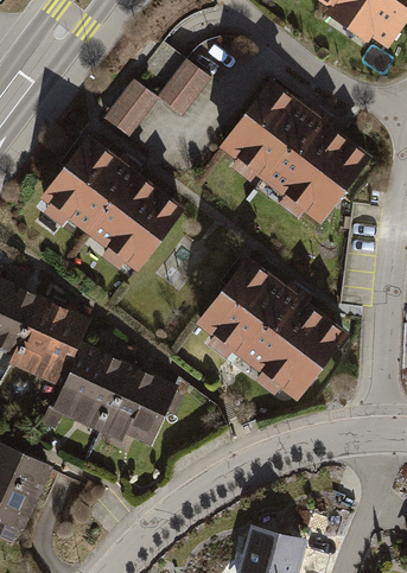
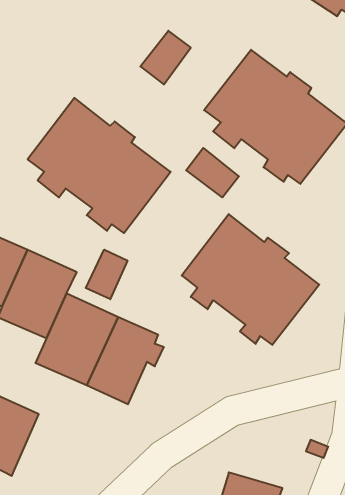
building: [101,79,155,138] -> none
building: none -> [186,148,239,197]
building: none -> [86,250,127,299]

